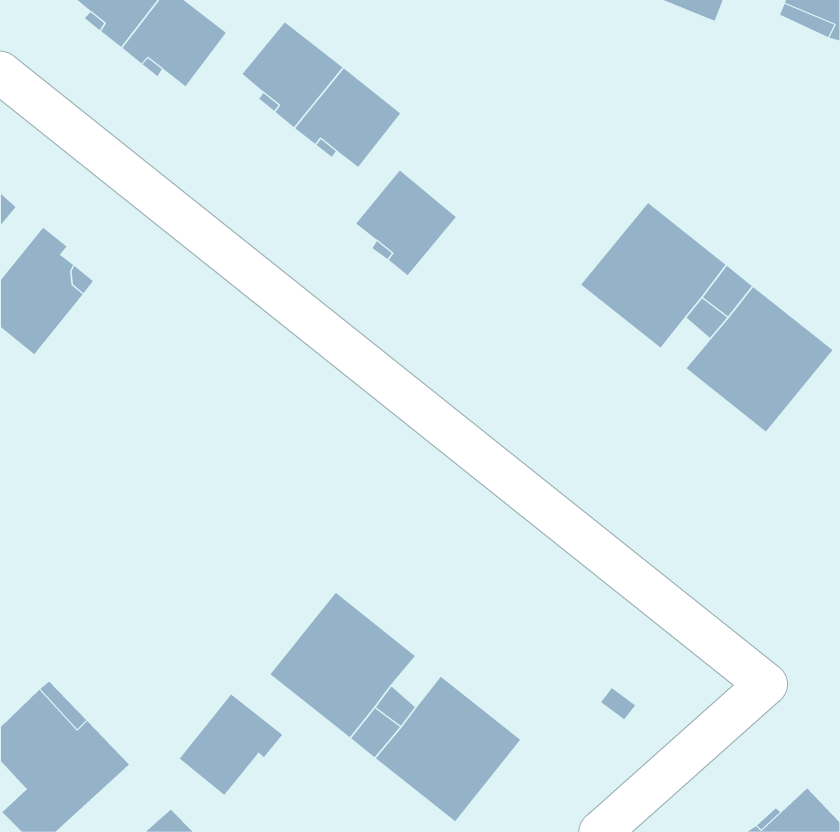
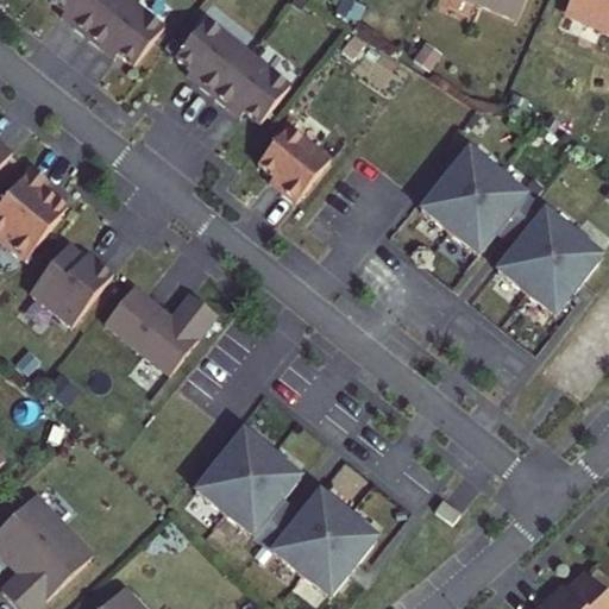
building: none -> [30,241,113,324]
building: none -> [105,284,218,373]
building: [179,694,283,796] -> none

